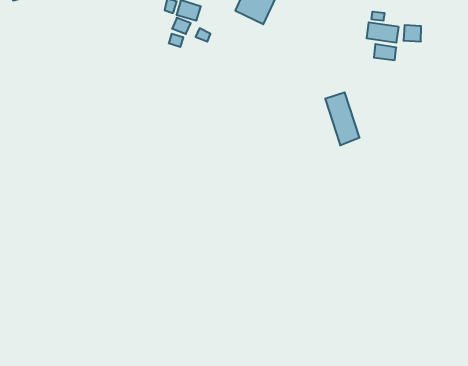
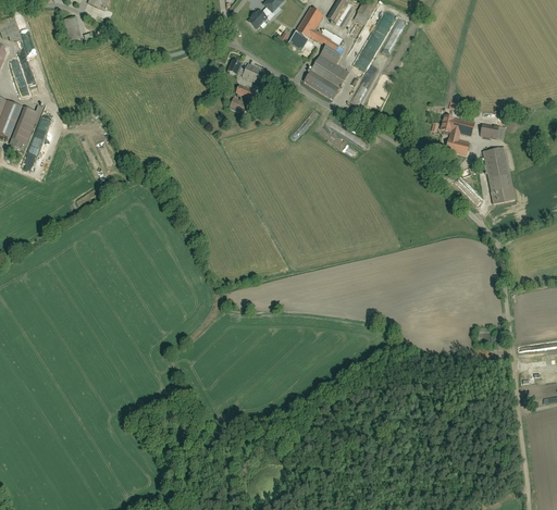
building: [325,92,360,145] -> [483,147,515,202]

